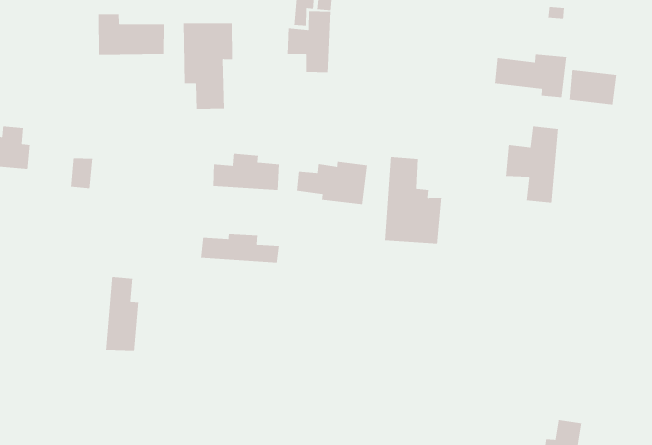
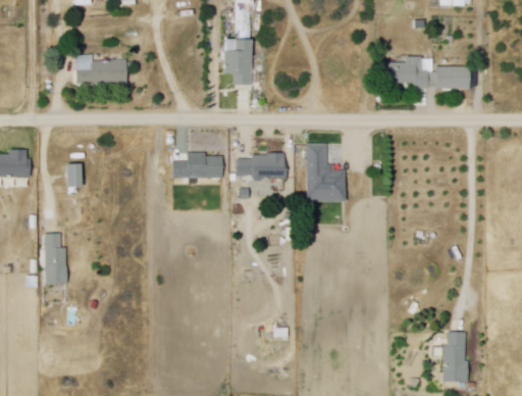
building: [183,23,233,110] -> none
building: [505,126,559,204] -> none
building: [200,233,280,263] -> none
building: [105,276,139,352] -> [45,232,67,288]

